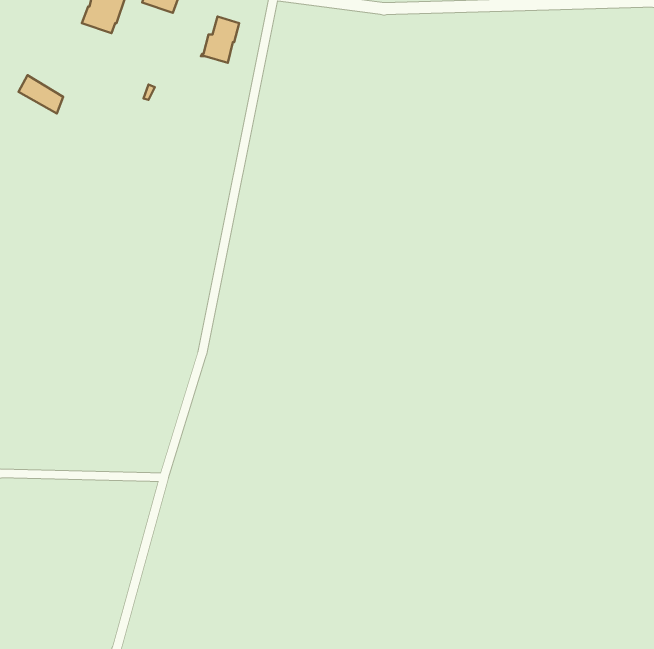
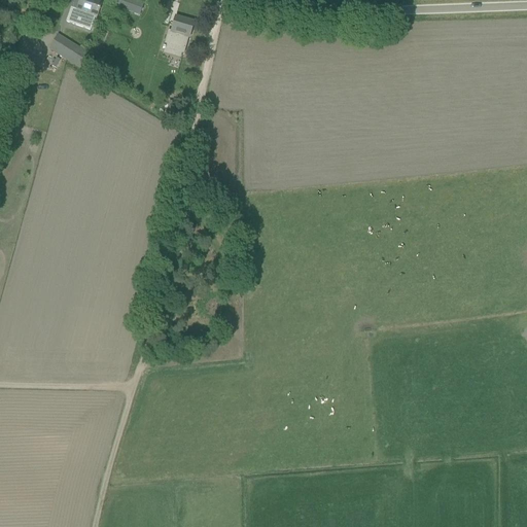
building: [18,75,63,113] -> [50,33,86,64]

